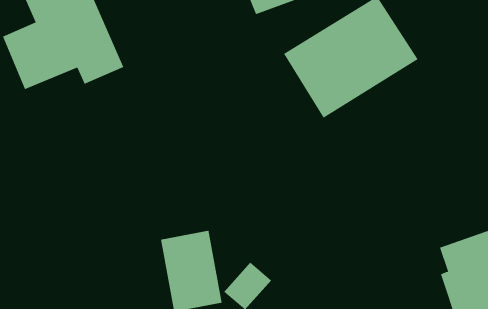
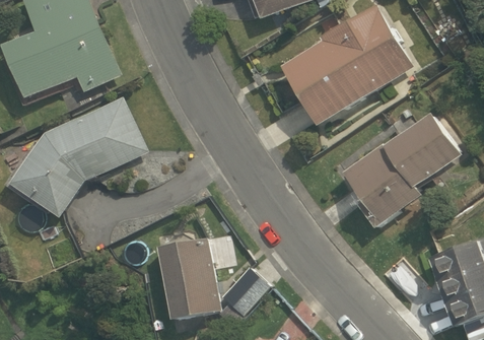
building: none -> [9,96,149,217]
building: none -> [345,114,458,229]

